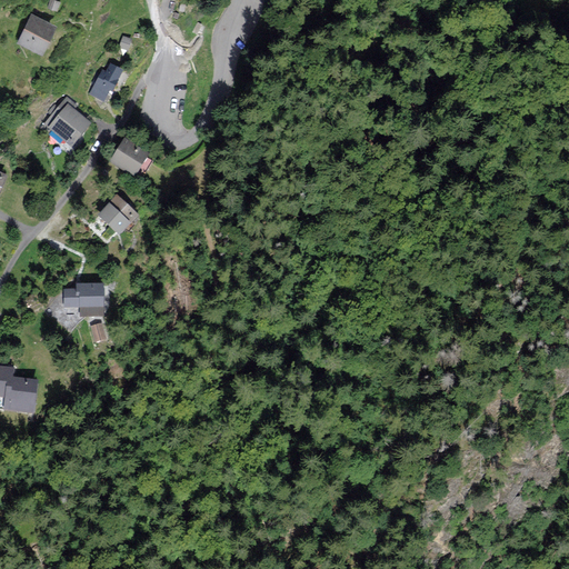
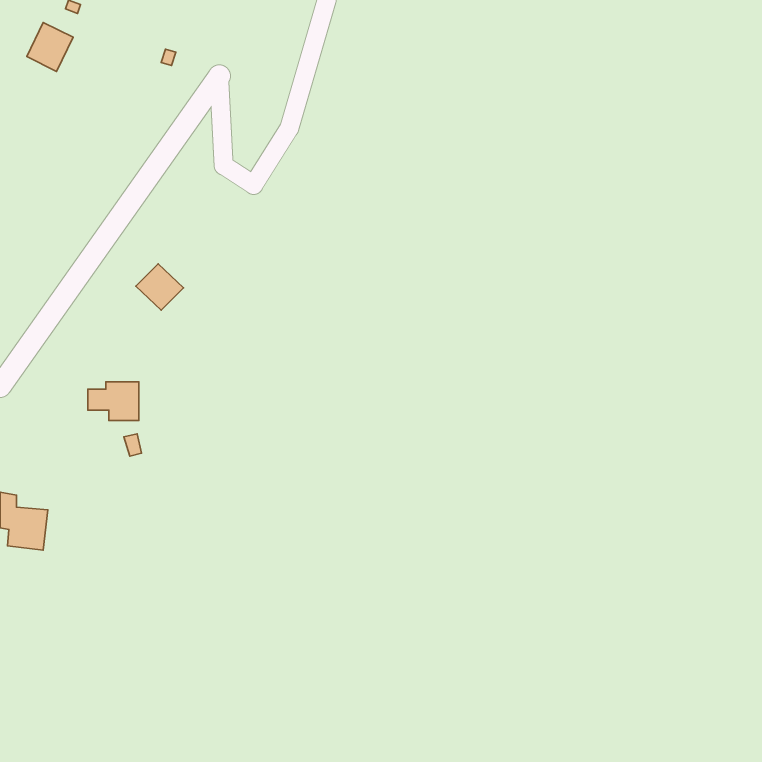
building: [92,64,123,99] -> none
building: [47,99,90,144] -> none
building: [112,140,147,173] -> none

